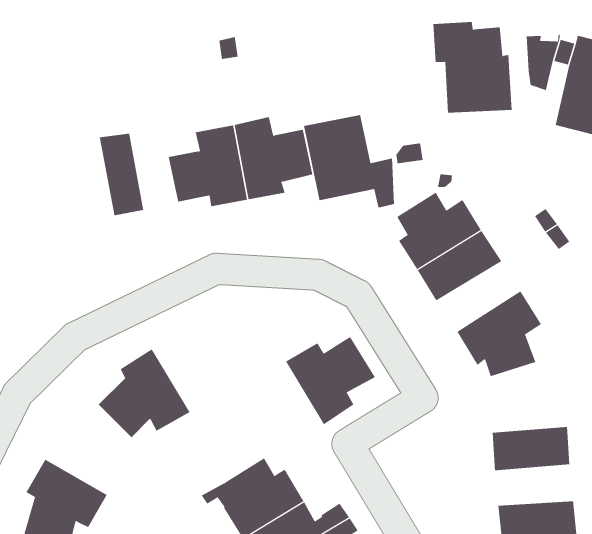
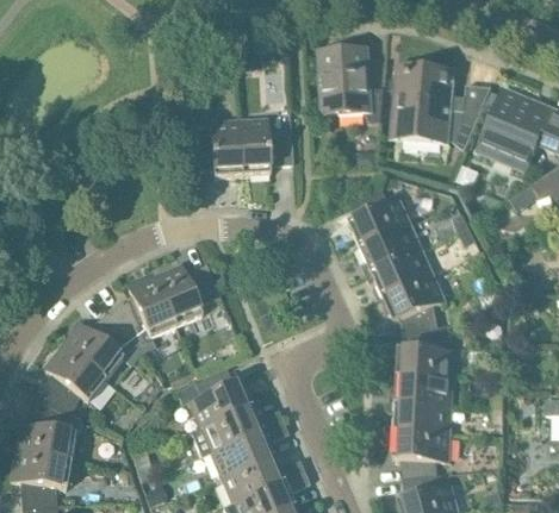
building: [303,114,395,208] -> [321,52,384,124]
building: [99,133,144,216] -> none
building: none -> [369,249,434,296]
building: [285,336,376,425] -> [154,264,219,327]
building: none -> [397,325,455,379]
building: none -> [62,312,129,380]
building: none -> [393,403,452,434]

